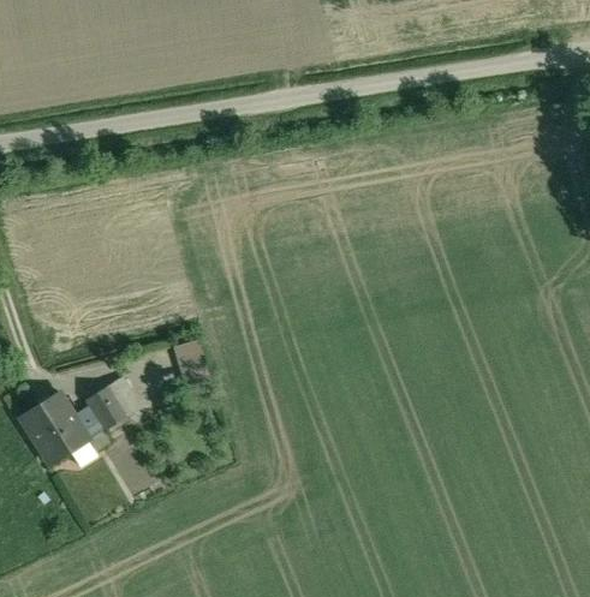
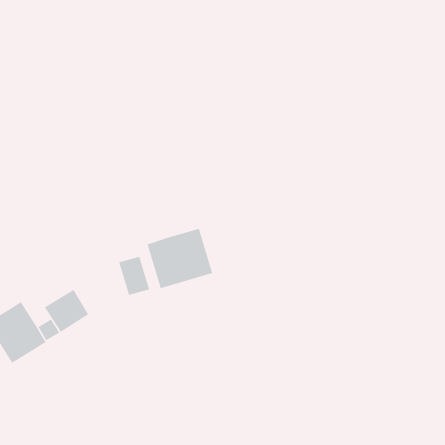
building: none -> [146,228,213,289]

